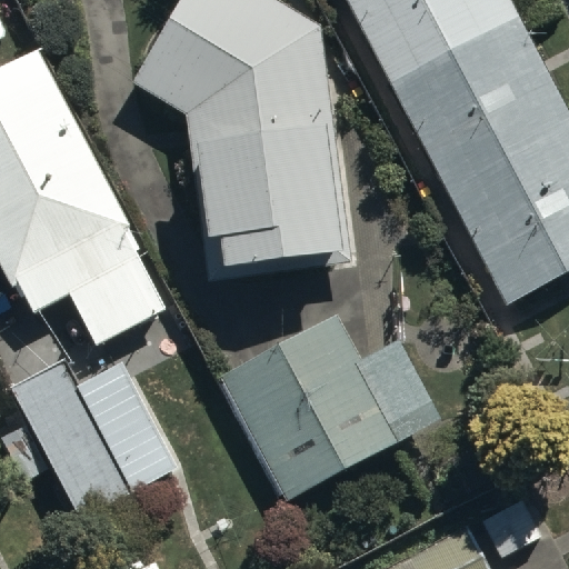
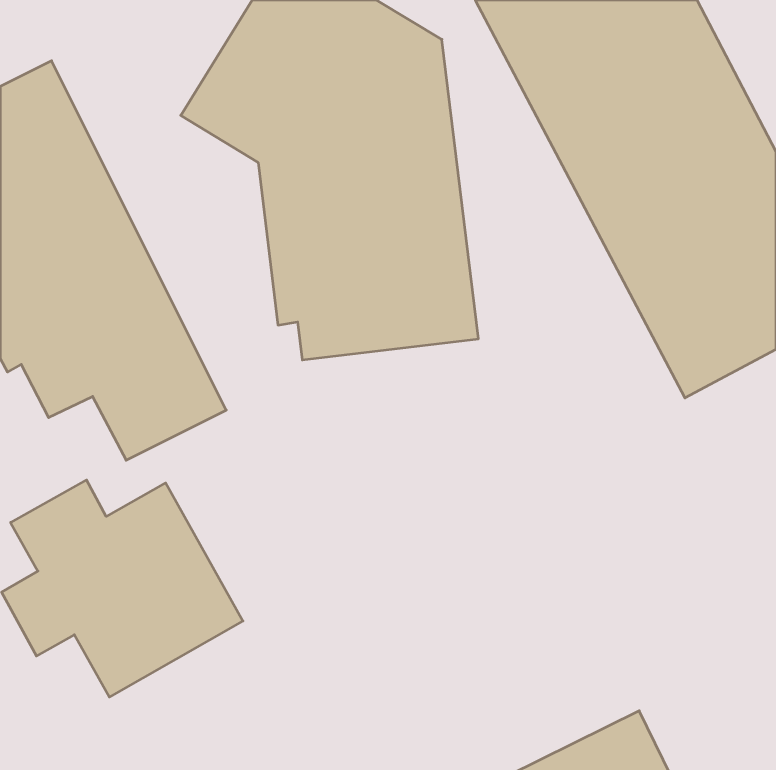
building: [220,316,438,498] -> none

